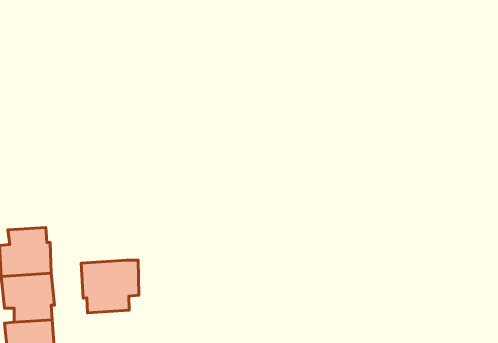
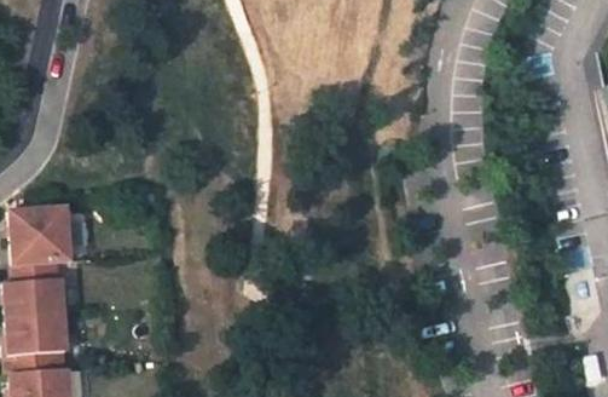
building: none -> [10,207,70,265]
building: [81,260,139,313] -> none

